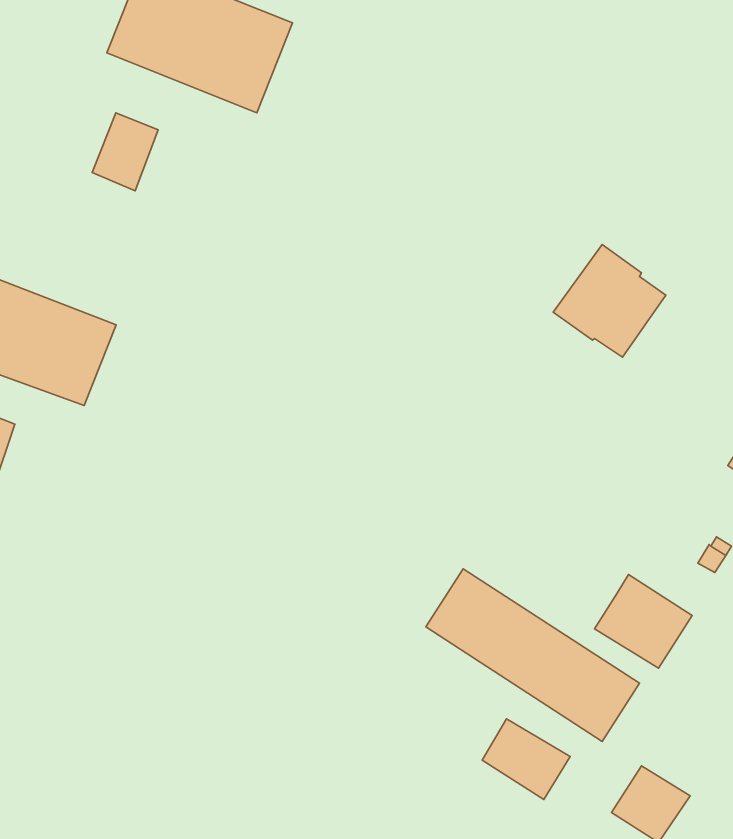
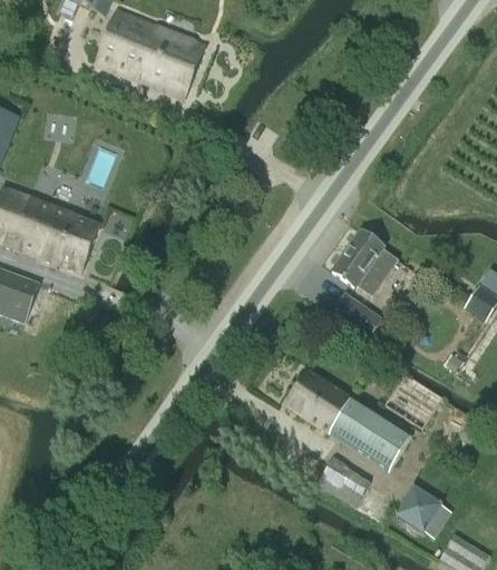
building: [92,113,158,191] -> none
building: [553,245,666,357] -> [331,229,398,296]
building: none -> [332,293,381,336]

